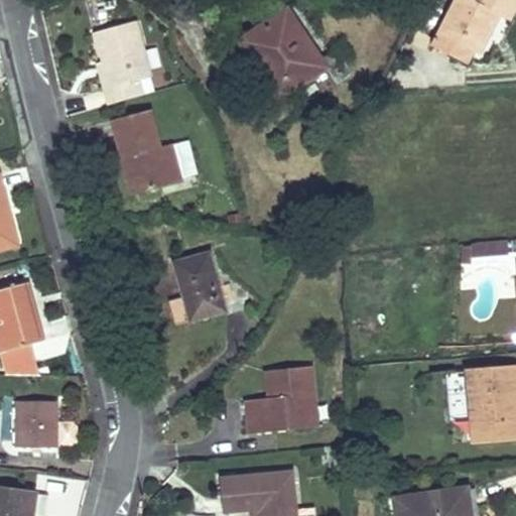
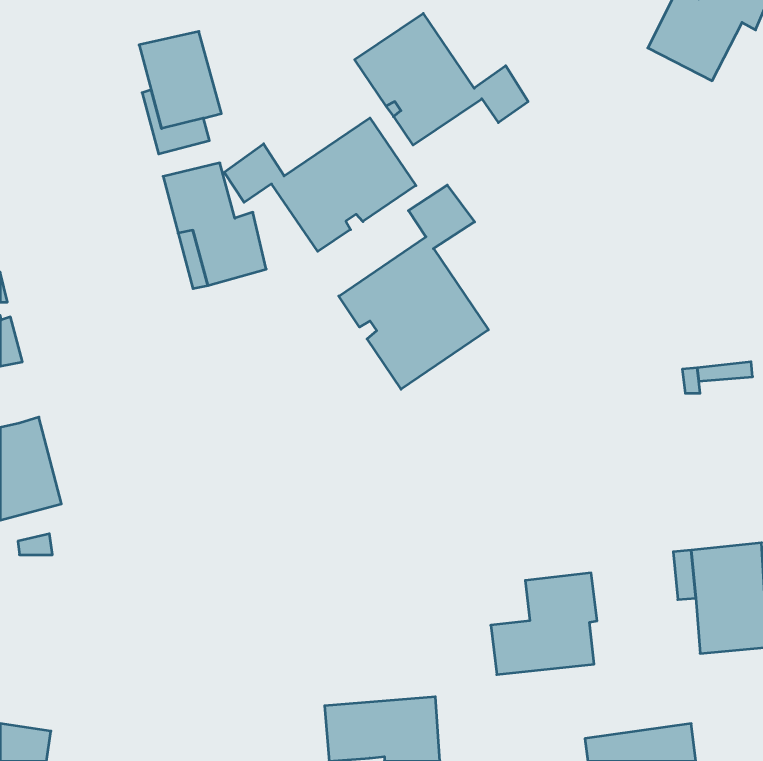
building: none -> [224,118,416,251]
building: none -> [339,185,488,389]
building: [168,251,227,326] -> none
building: [243,365,314,433] -> [491,573,597,675]
building: [15,400,58,446] -> none

